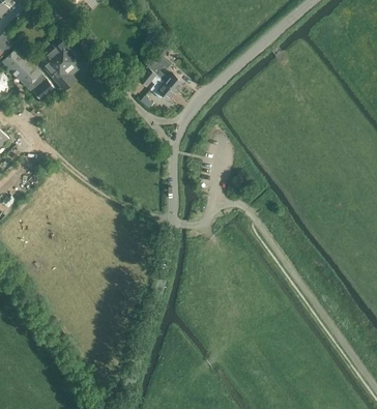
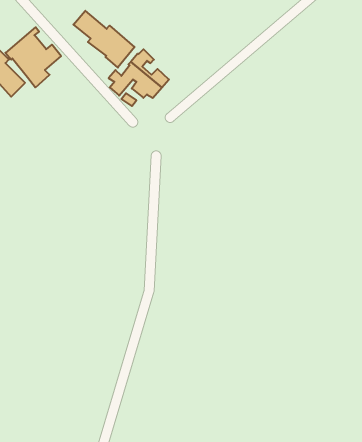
building: none -> [73,11,135,68]

